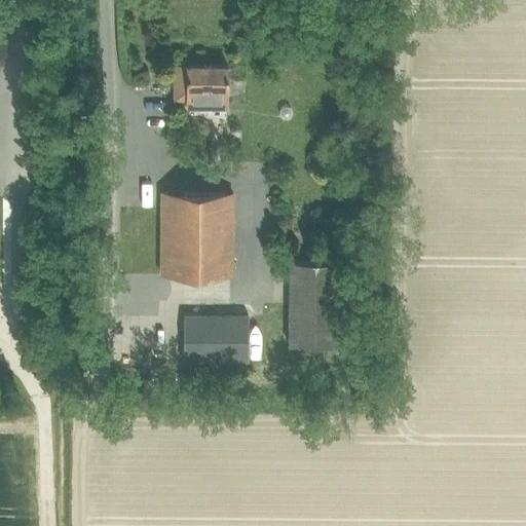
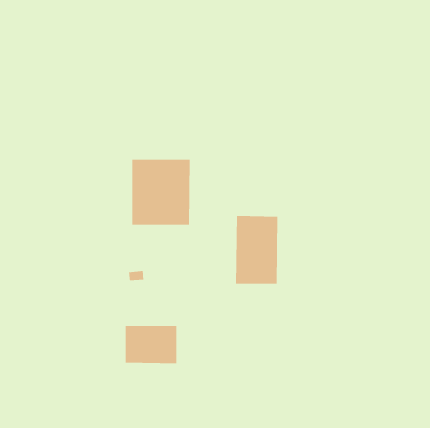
building: [176,70,228,105] -> none
building: [184,320,248,367] -> [125,325,177,364]

